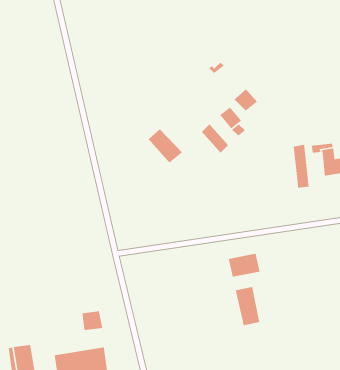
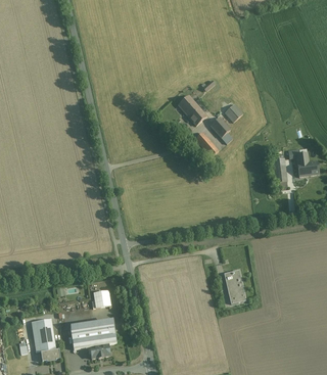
building: [148,128,183,163] -> [177,95,206,125]
building: [228,253,260,278] -> none

